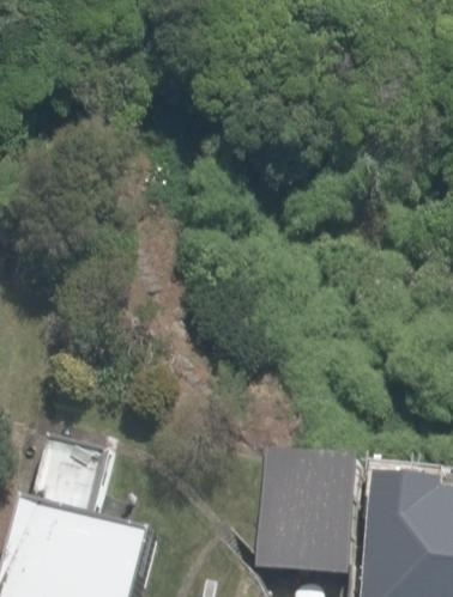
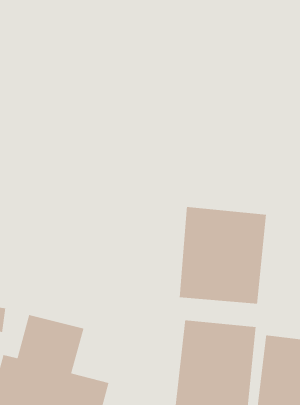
building: none -> [179,206,267,305]

